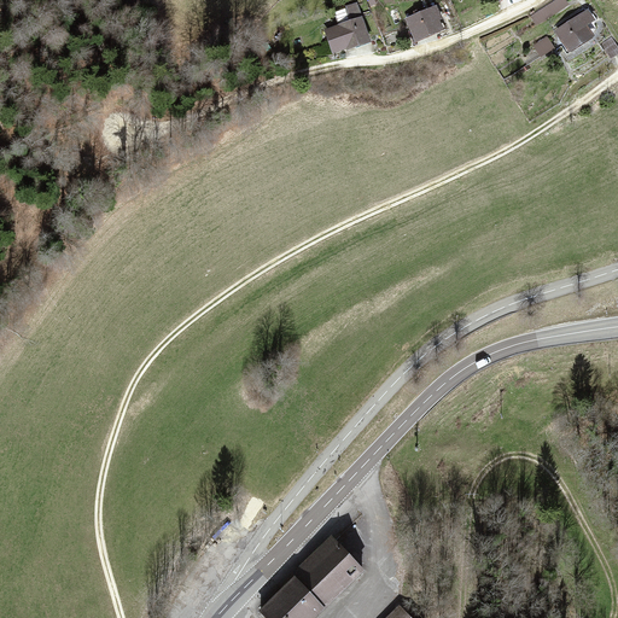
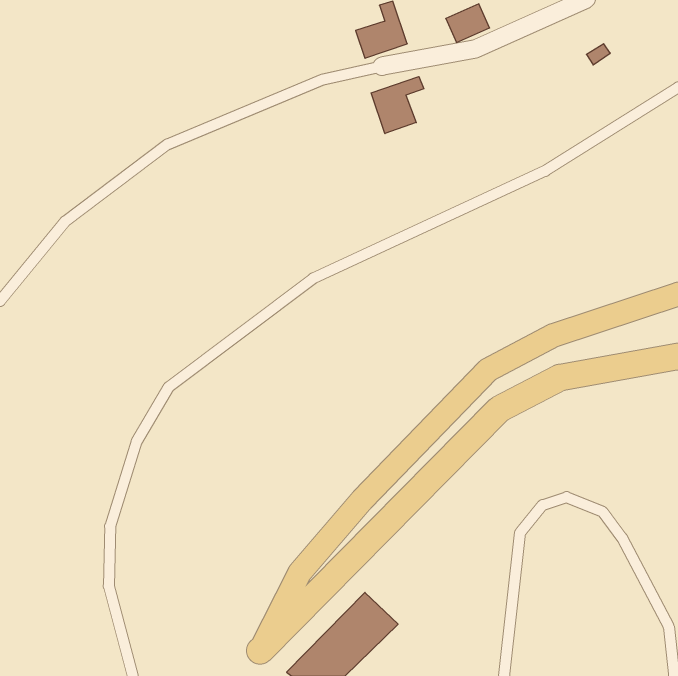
building: [555,11,594,52] -> none
building: none -> [371,77,424,134]

